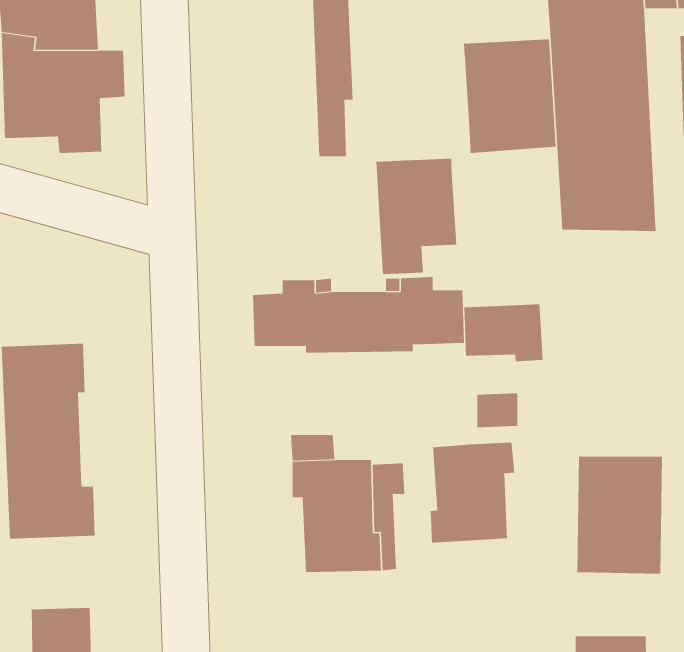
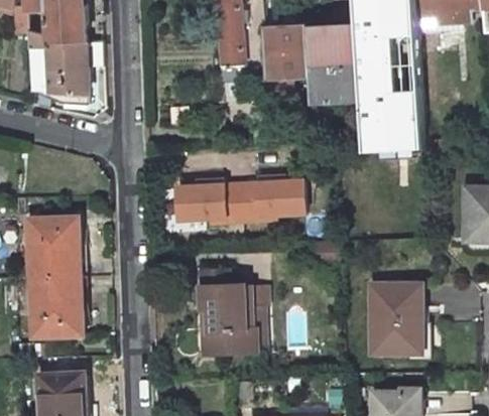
building: [376,158,457,275] -> [259,27,309,98]
building: [464,304,543,362] -> none
building: [430,442,515,544] -> none

